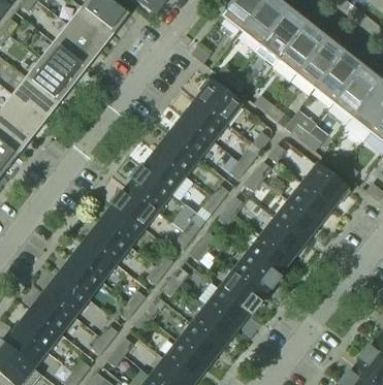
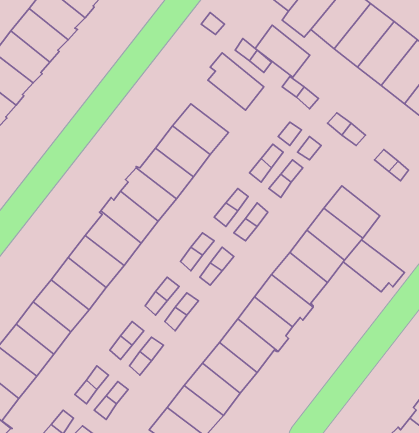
building: [183,98,226,139] -> [255,25,310,77]
building: [302,164,351,205] -> [343,240,405,292]

